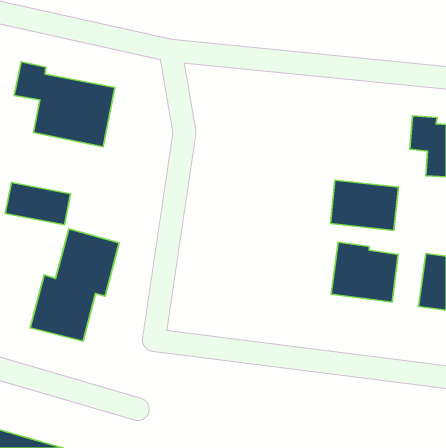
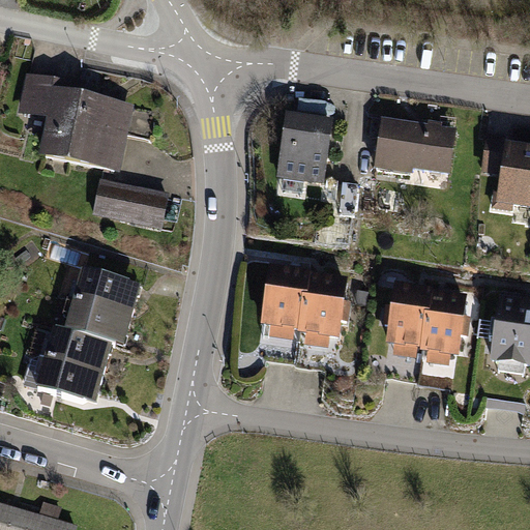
building: none -> [278,113,333,180]
building: [330,180,398,230] -> [377,117,457,176]
building: [5,183,71,225] -> [92,180,169,230]
building: none -> [262,264,348,333]

